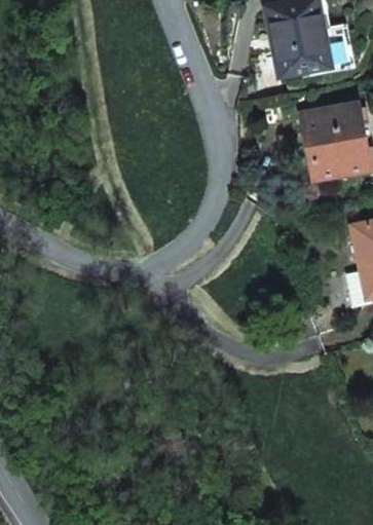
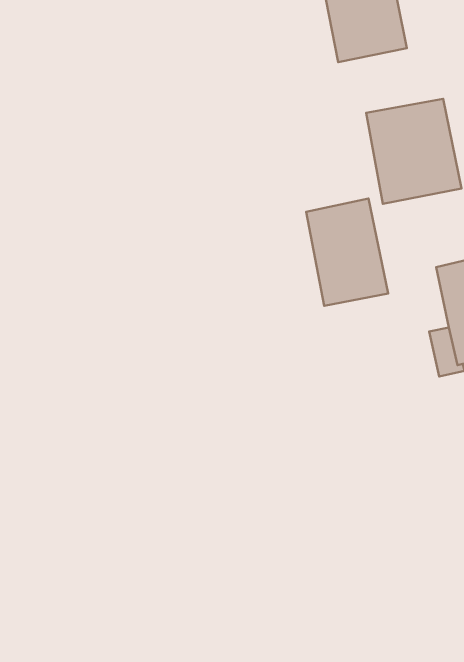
building: none -> [306,198,388,306]

